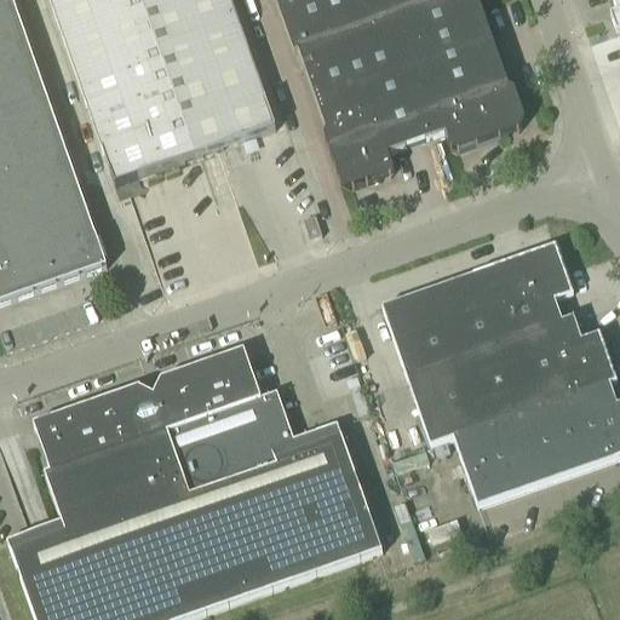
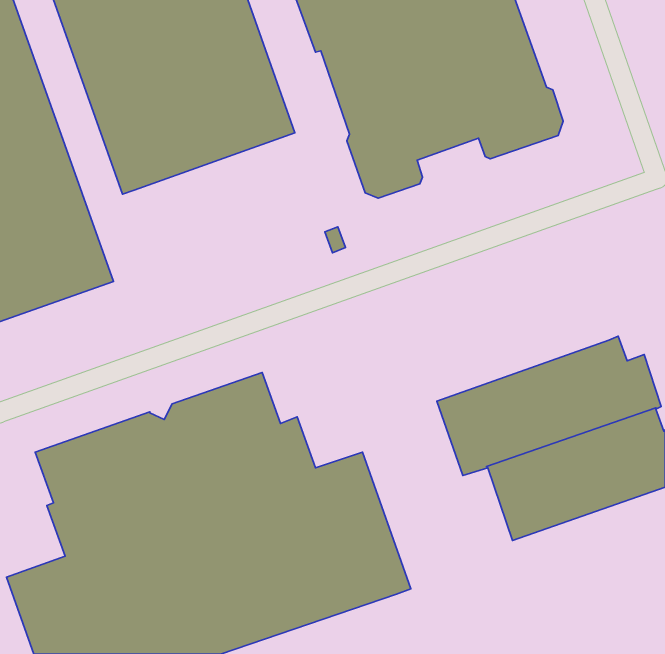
building: [380,242,570,373] -> none

